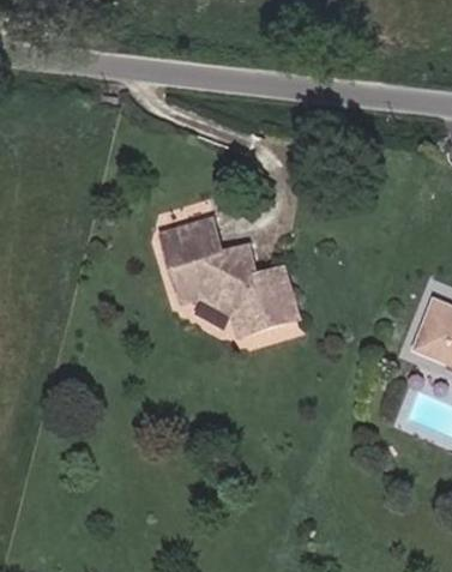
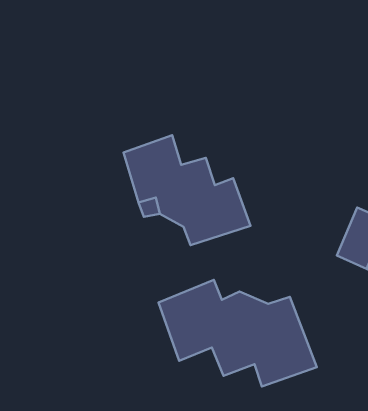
building: none -> [158,280,317,386]

